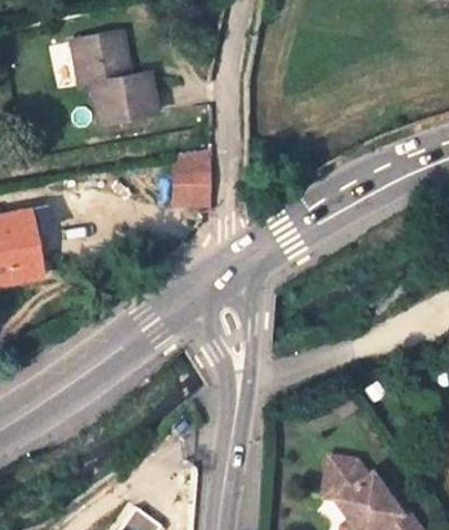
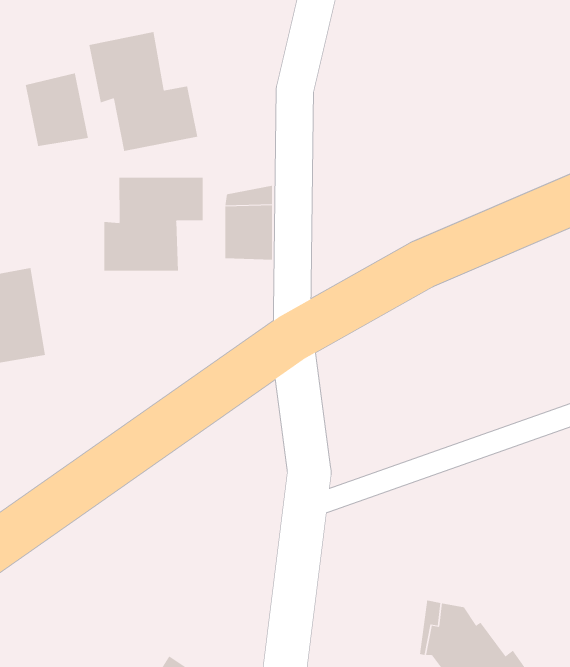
building: none -> [25,73,88,147]
building: none -> [104,177,203,271]

